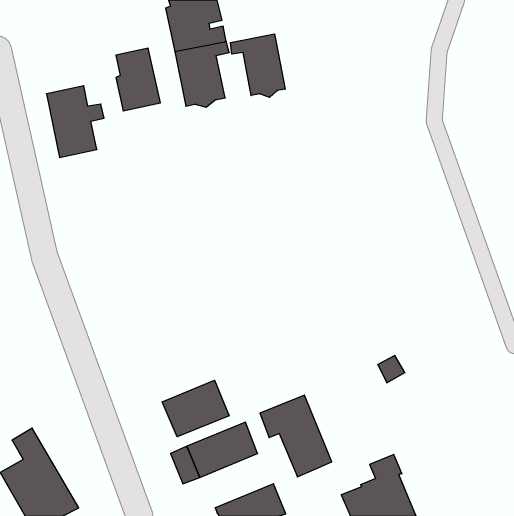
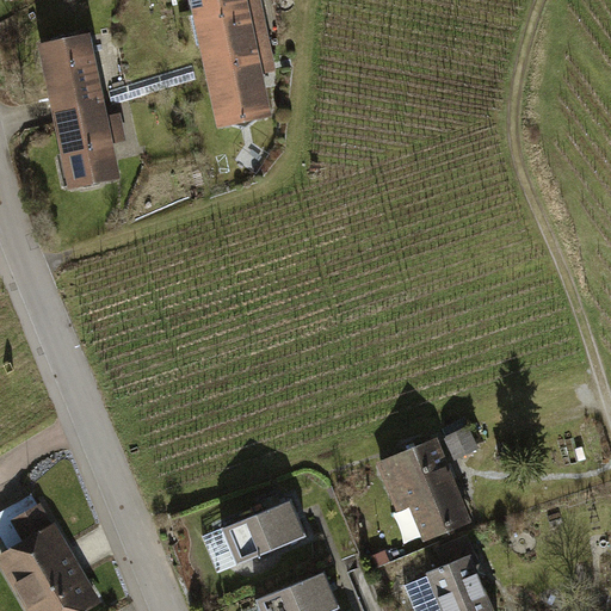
building: [230,34,285,97] -> none
building: [116,48,160,111] -> [47,37,99,111]
building: [162,380,229,437] -> none
building: [260,395,332,477] -> [381,442,465,538]

